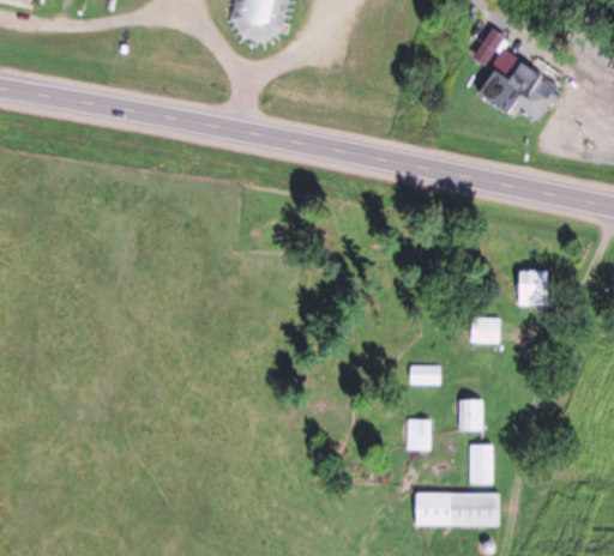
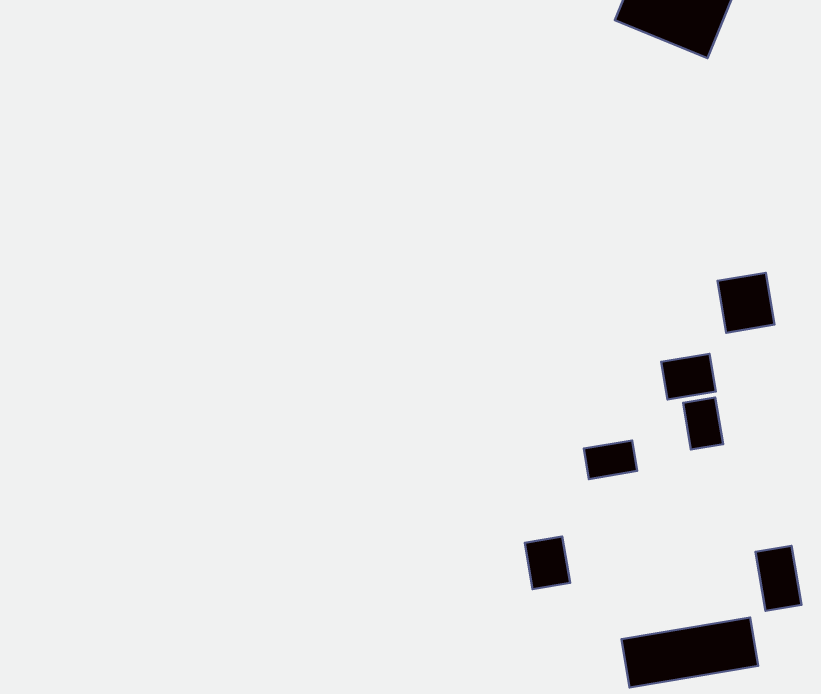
building: [460,399,482,430] -> [683,398,723,449]
building: [408,419,433,451] -> [525,536,570,589]
building: [470,445,494,484] -> [756,546,801,611]

